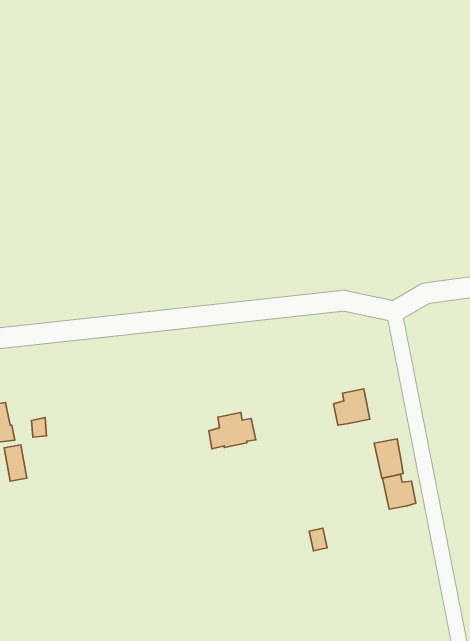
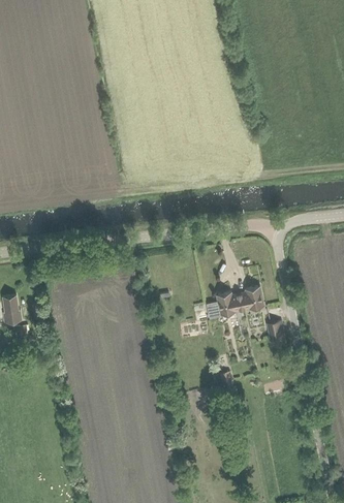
building: [209,413,256,449] -> [209,292,241,317]
building: [382,474,416,509] -> none

